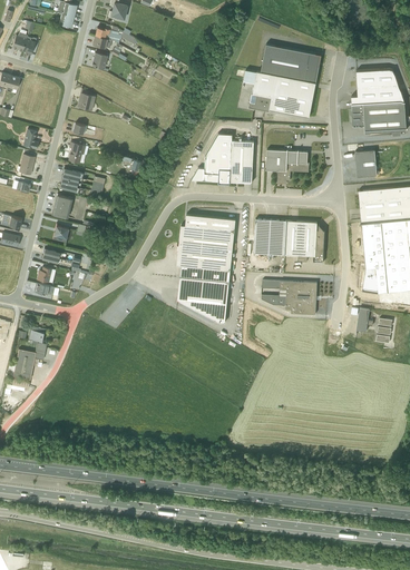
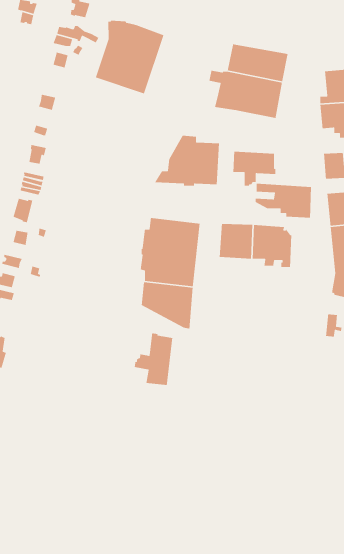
building: none -> [95,20,165,95]
building: [261,279,316,314] -> [255,183,312,218]
building: none -> [134,332,173,386]

